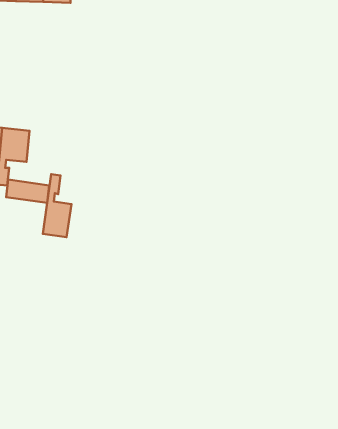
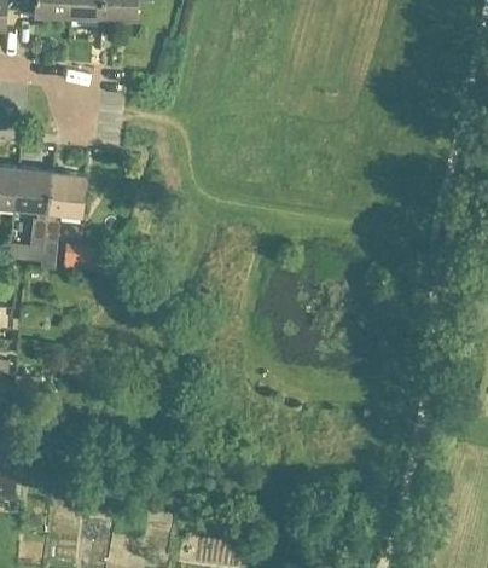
building: [43,174,71,237] -> none

